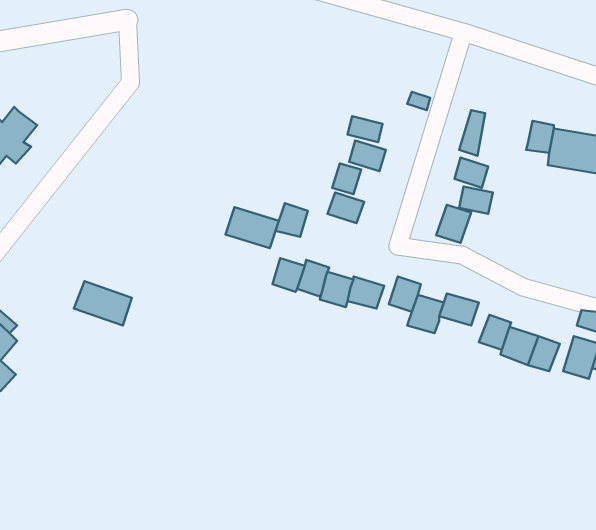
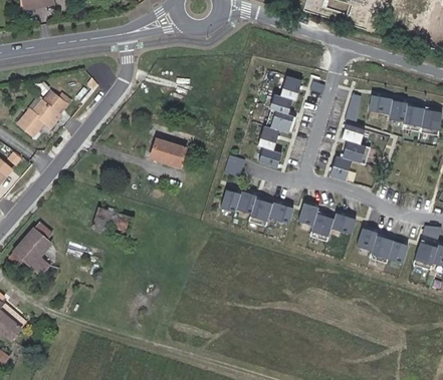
building: none -> [278,74,300,100]
building: none -> [367,93,391,114]
building: [225,207,279,248] -> [153,139,188,166]

